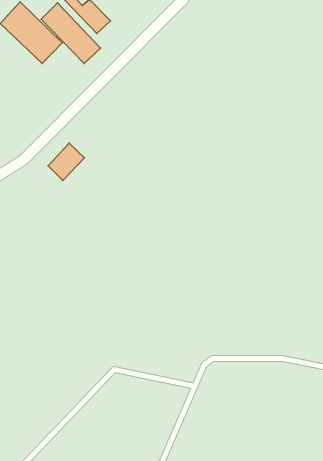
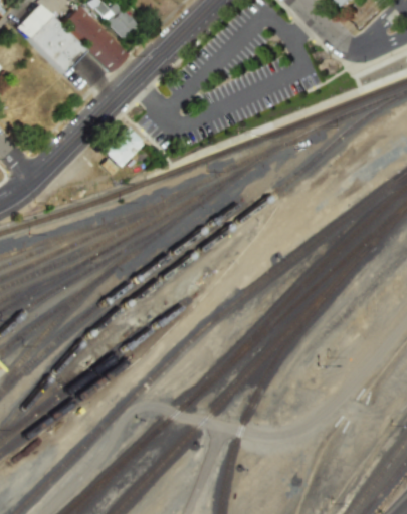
building: [48,143,85,181] -> [106,127,146,169]

